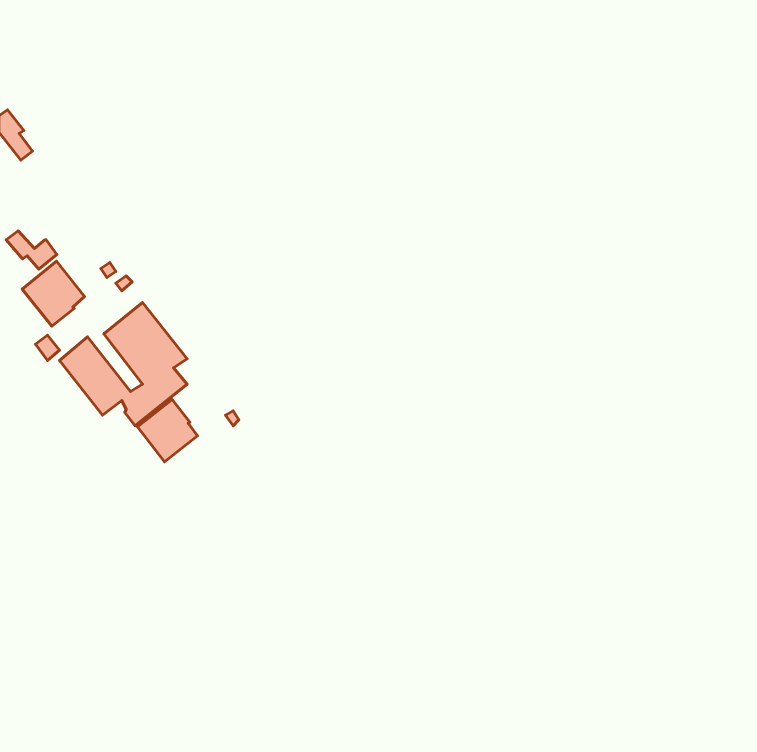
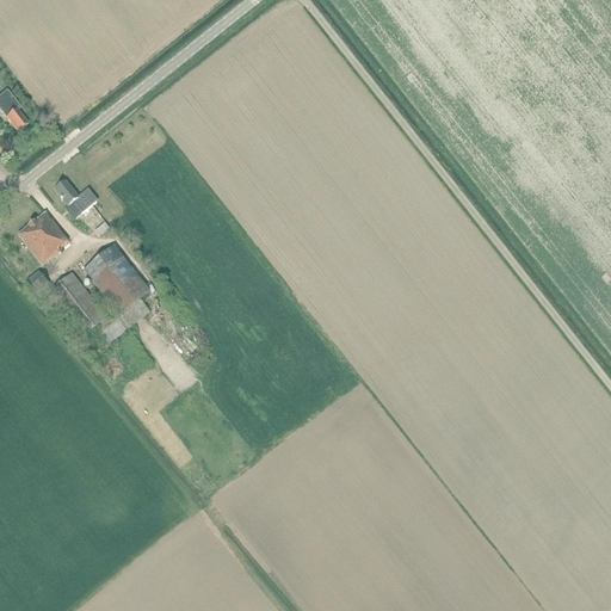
building: [6,231,57,269] -> [55,180,95,211]
building: [138,400,197,462] -> none

